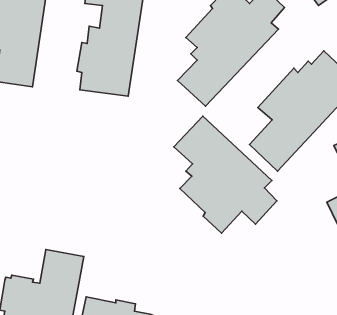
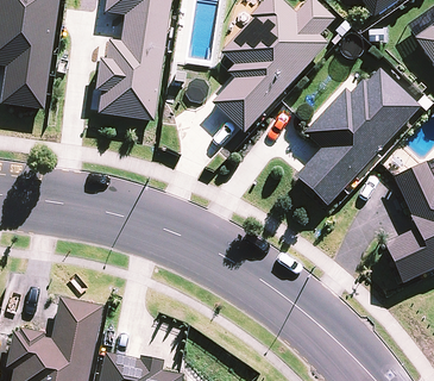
building: [174,116,277,233] -> none

